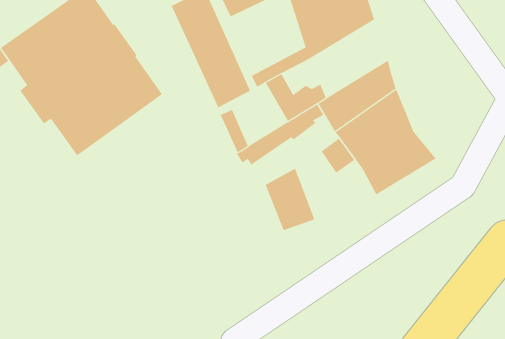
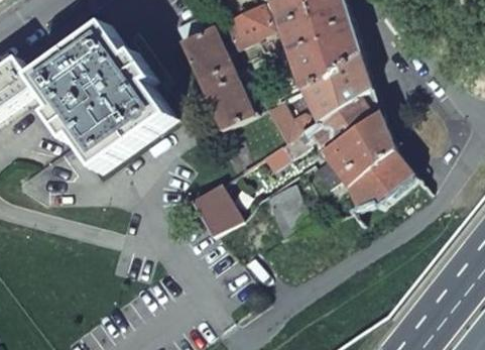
building: none -> [302,52,373,121]
building: none -> [192,183,241,235]

